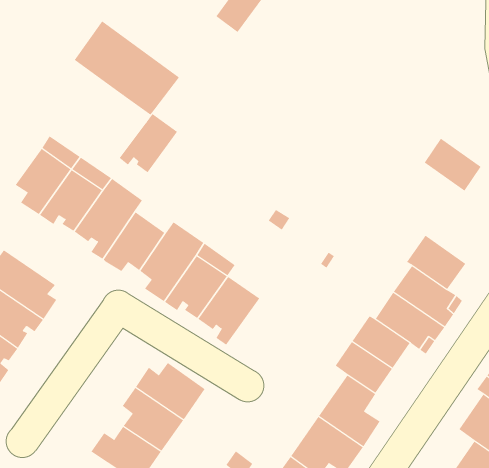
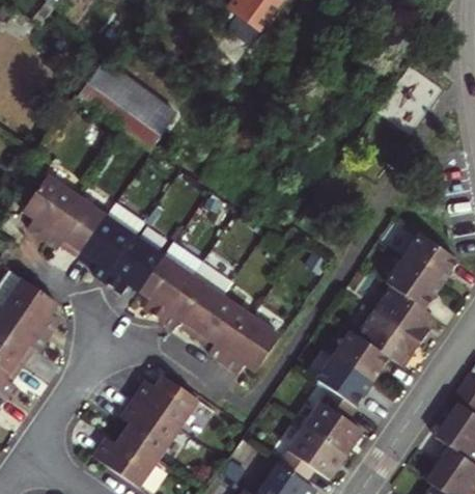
building: [119,113,178,173] -> none
building: [424,138,482,192] -> [403,234,457,283]
building: none -> [219,315,279,373]

